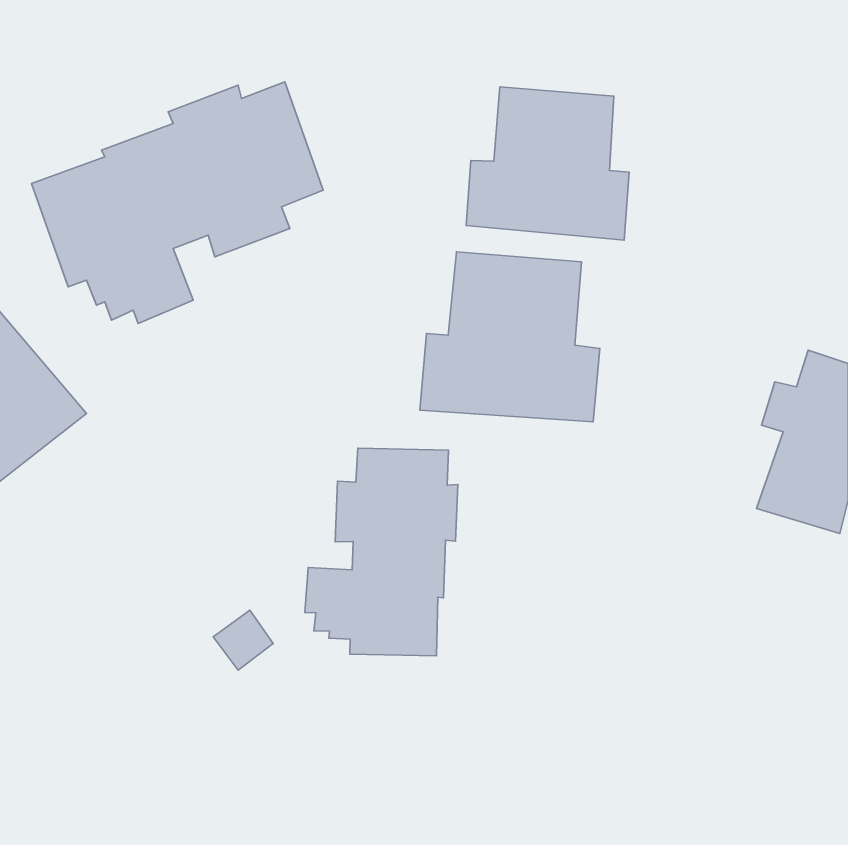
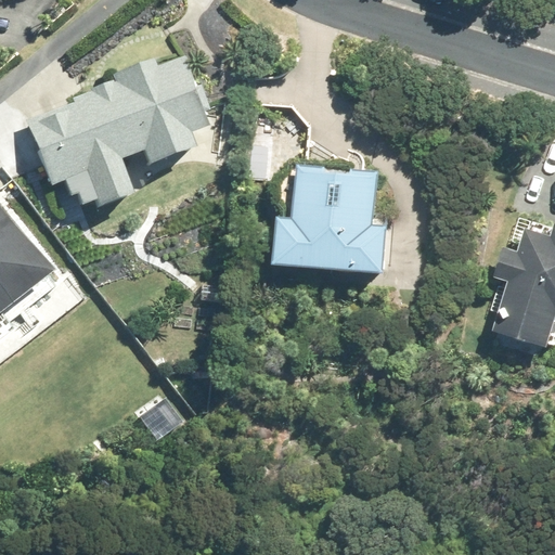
building: [466,87,629,240] -> none
building: [305,448,458,656] -> none

